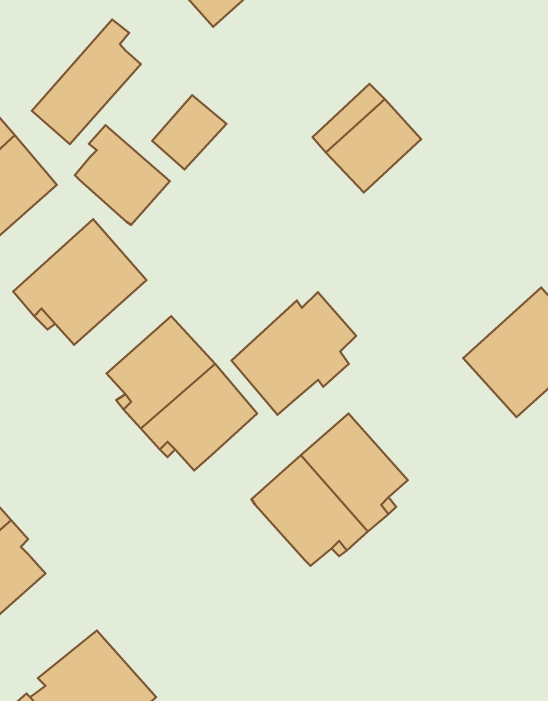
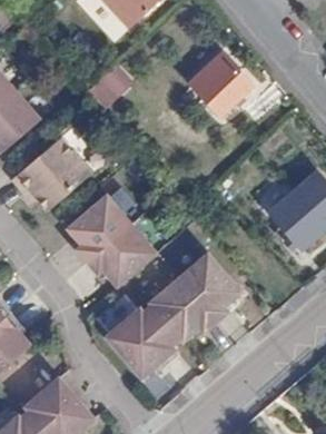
building: [32,20,141,144] -> none
building: [75,125,170,225] -> none
building: [232,292,356,415] -> none
building: none -> [107,303,181,375]

